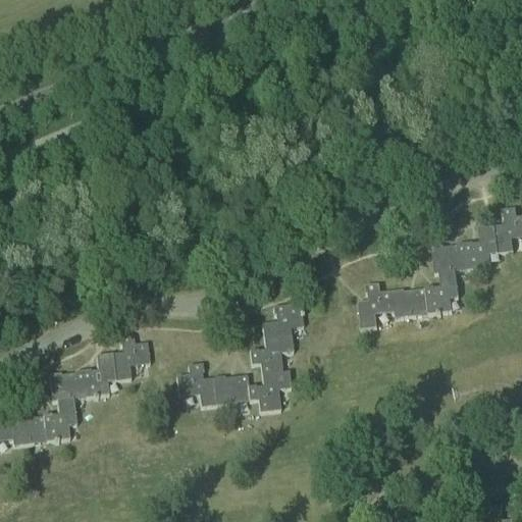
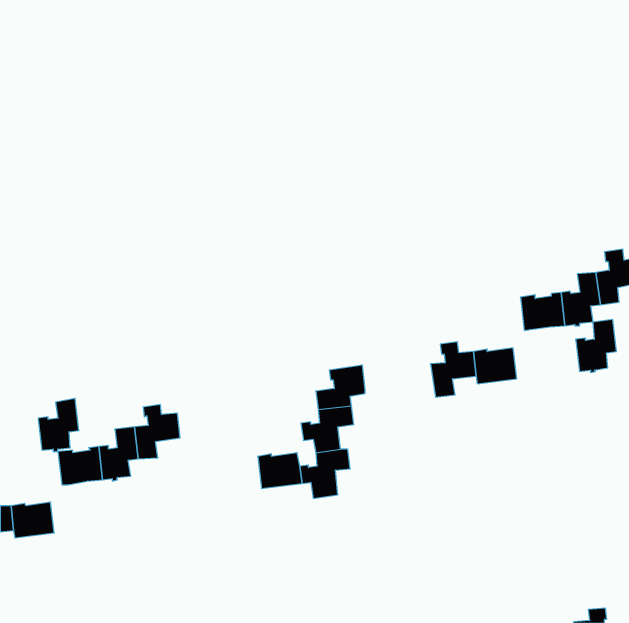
building: [425,270,459,314] -> [576,320,616,373]
building: [178,362,217,406] -> none
building: [43,398,76,441] -> [38,398,79,452]

